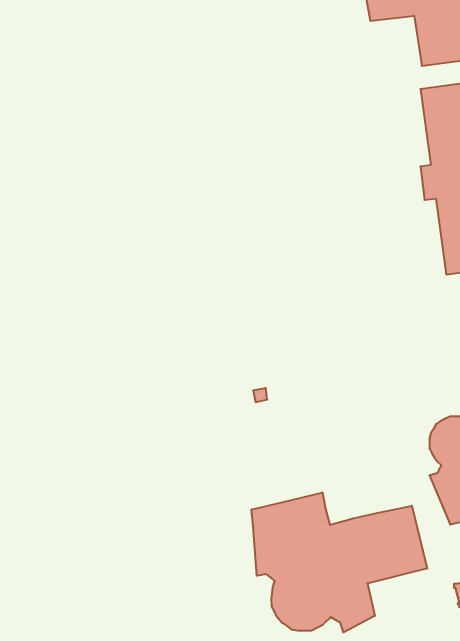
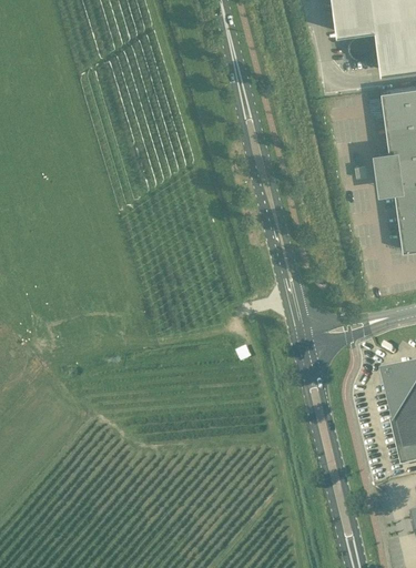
building: [252,492,427,632] -> none

